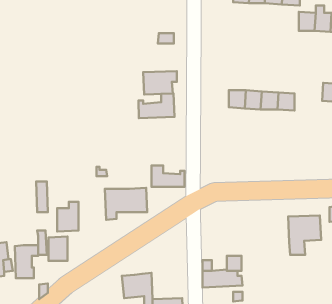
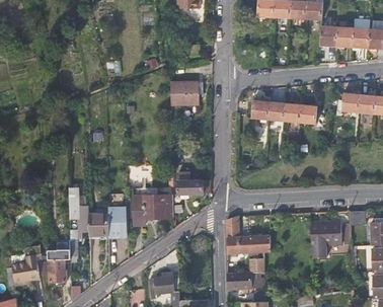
building: [138,94,174,118] -> none
building: none -> [226,217,270,253]
building: [48,236,67,261] -> [108,207,127,230]

